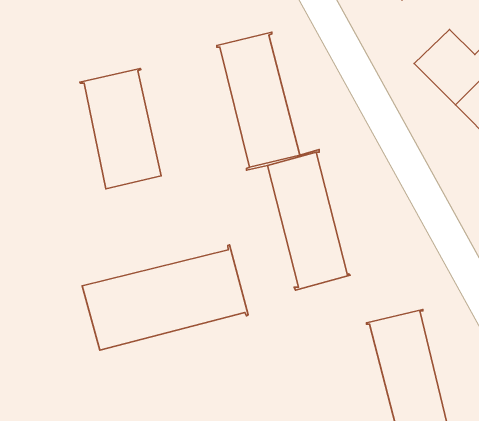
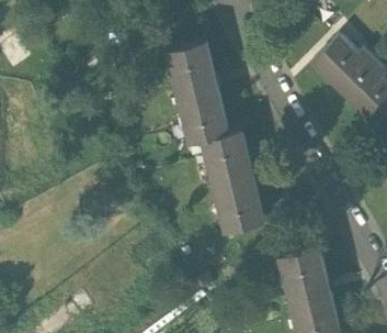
building: [80,68,161,189] -> none
building: [82,245,248,350] -> none

